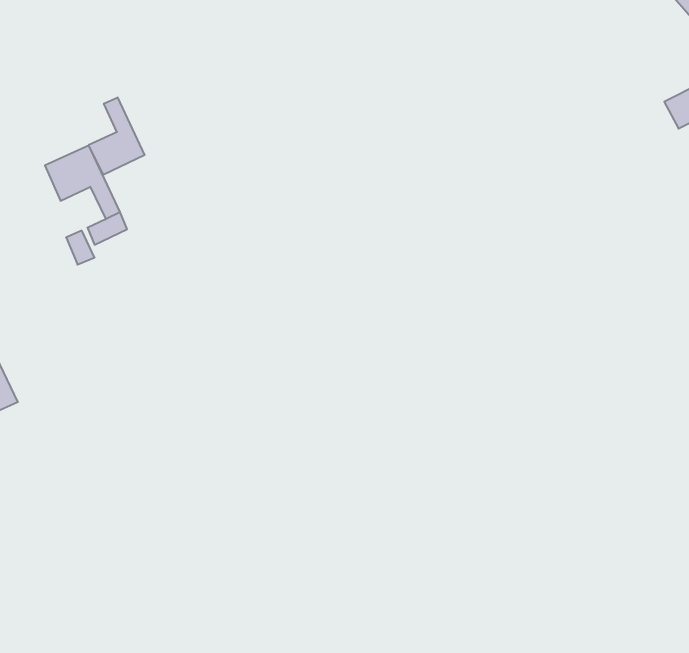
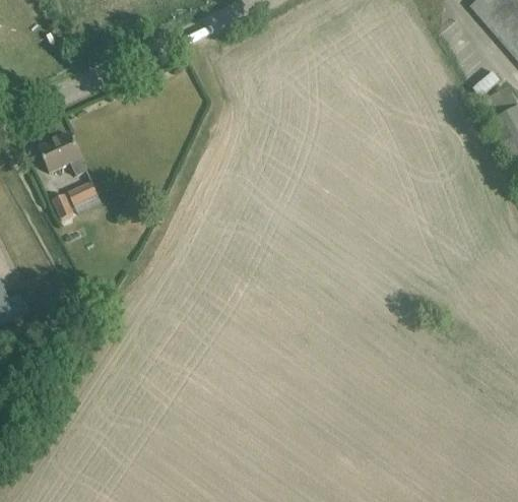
building: [89,97,145,175] -> none

